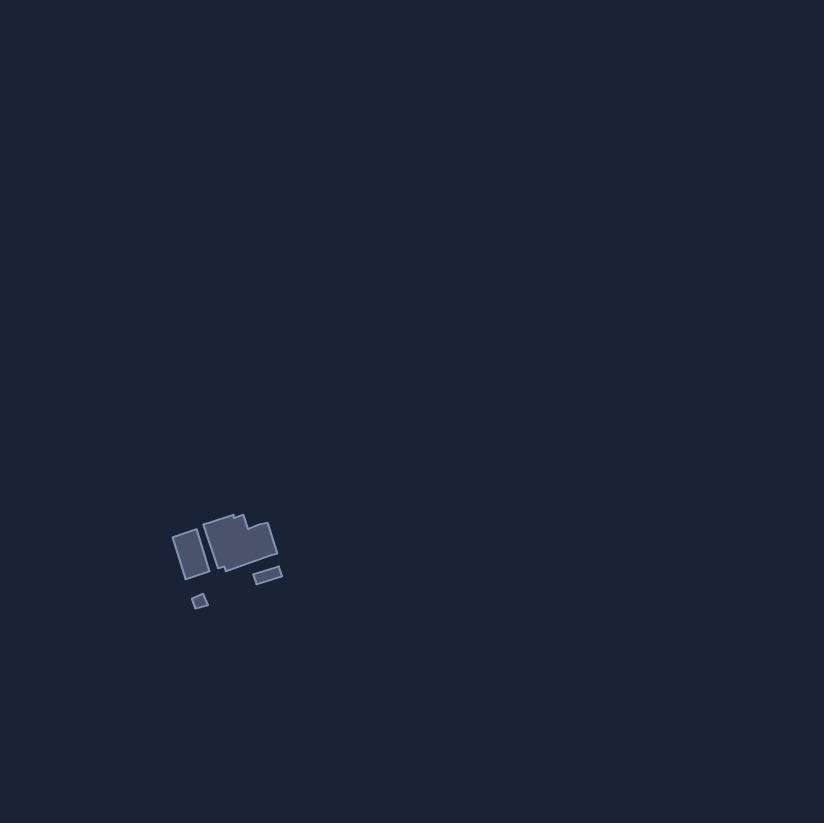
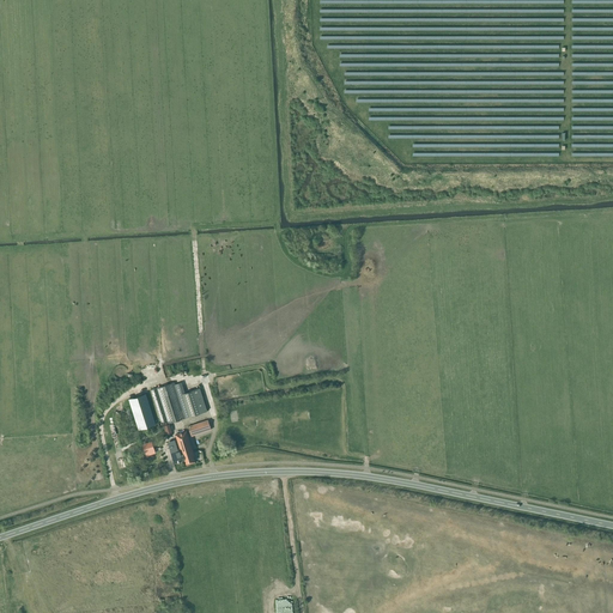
building: none -> [168,433,195,466]

